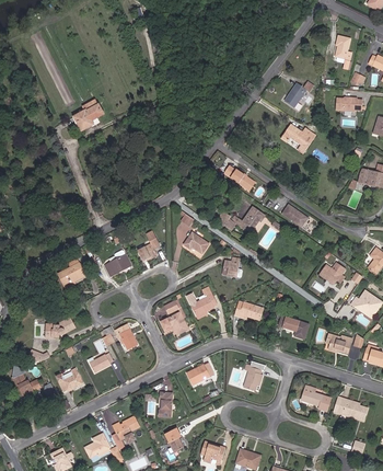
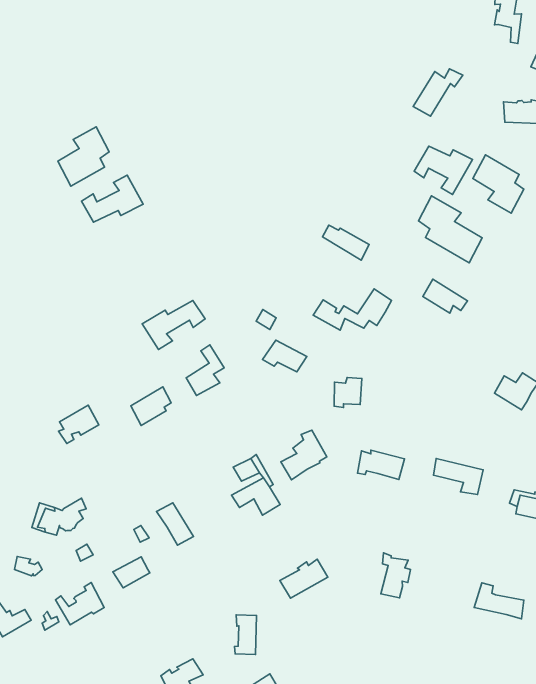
building: none -> [81,175,143,222]
building: none -> [473,155,524,213]
building: none -> [418,196,482,263]
building: none -> [142,301,205,350]

